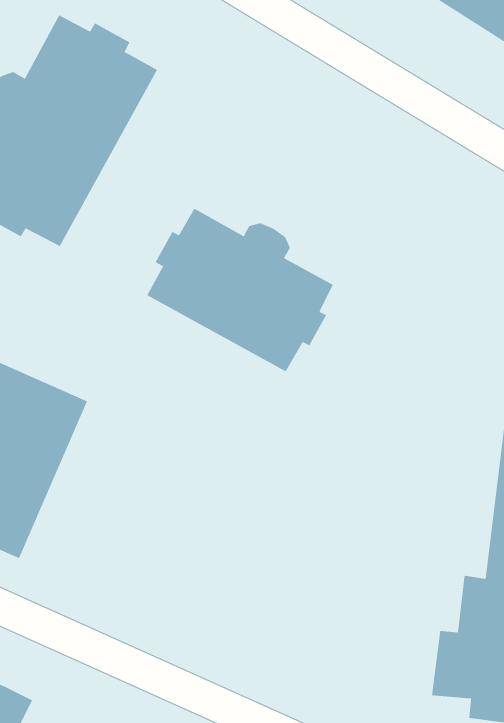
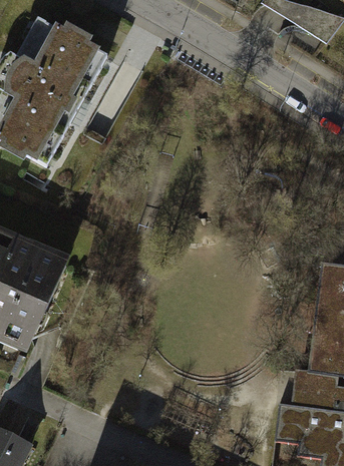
building: [146,208,334,372] -> none

